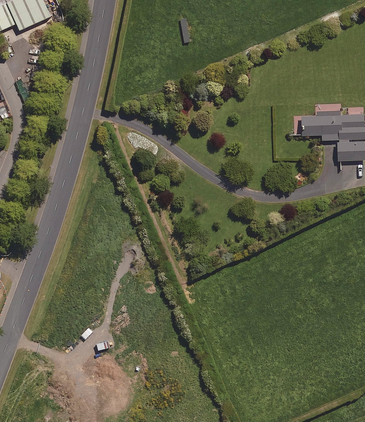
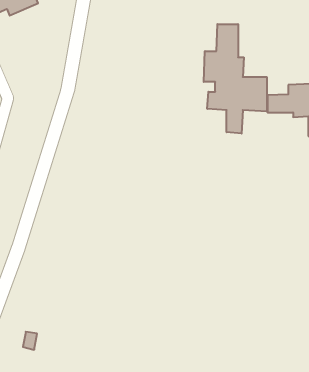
building: none -> [204,24,267,134]

